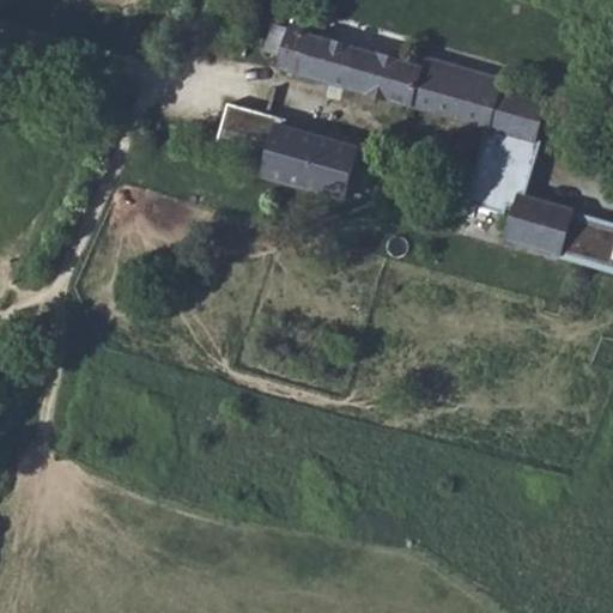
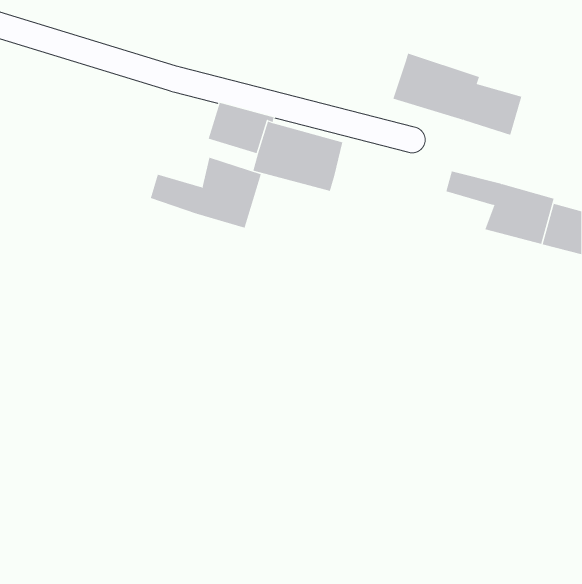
building: [263,19,423,105] -> none
building: [471,128,540,194] -> none
building: none -> [150,157,261,228]

